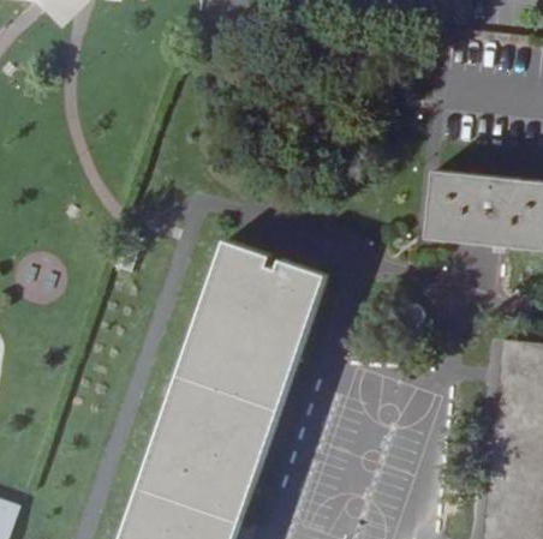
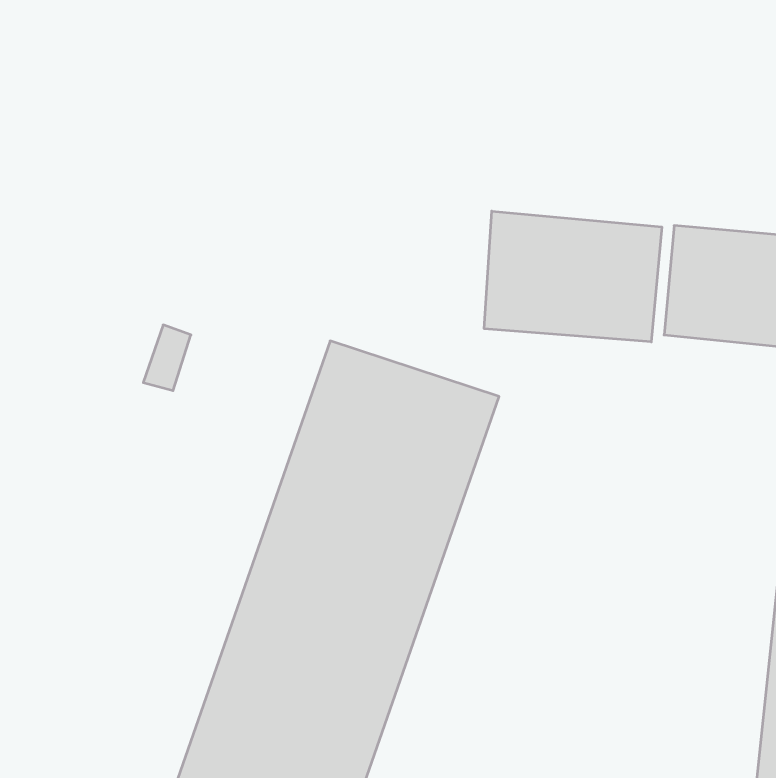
building: none -> [484,211,662,342]

